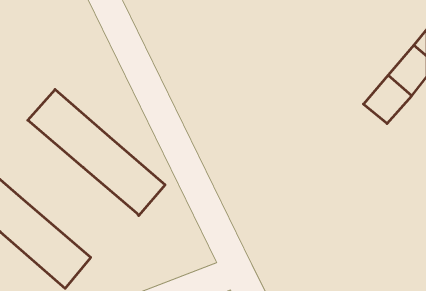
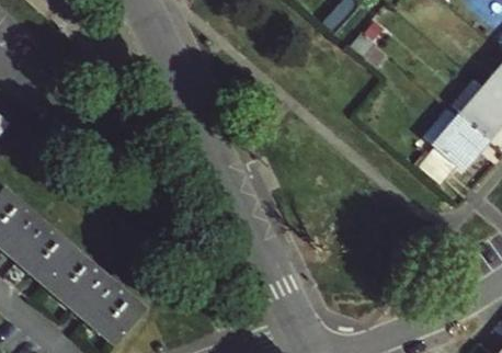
building: [28,89,165,216] -> none

